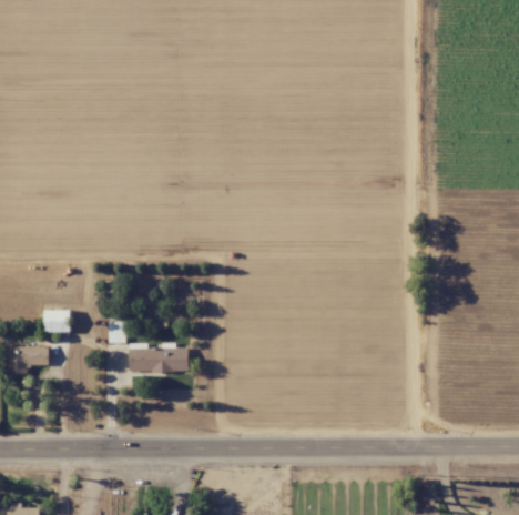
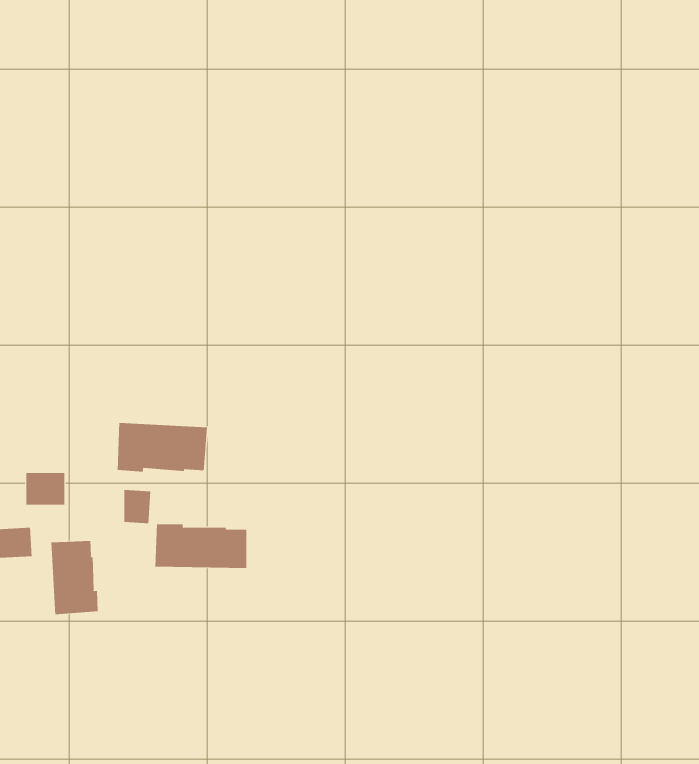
building: none -> [117,422,207,472]
building: none -> [51,540,98,615]

